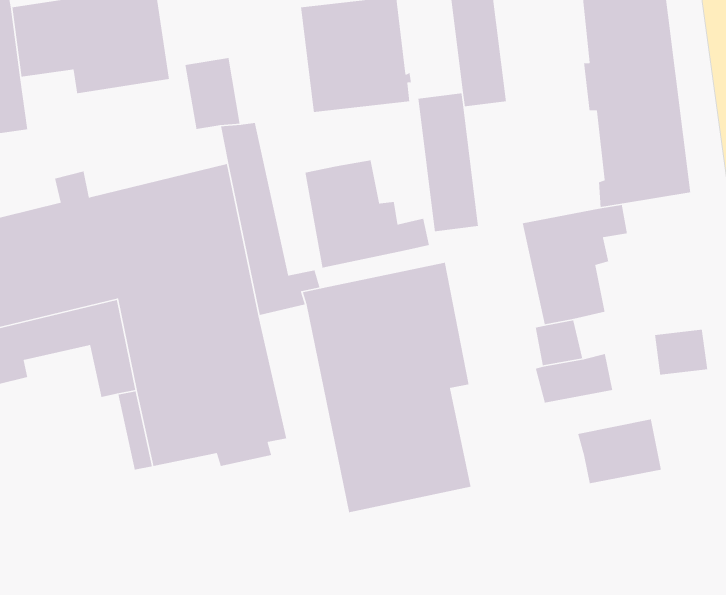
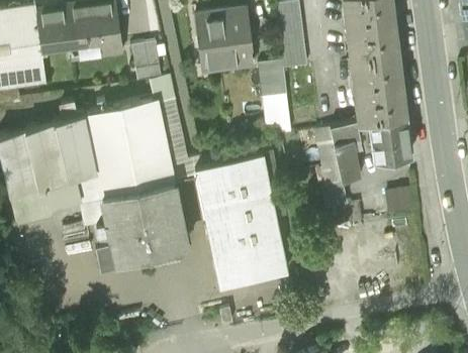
building: [305,159,430,269] -> none
building: none -> [369,116,413,162]
building: [577,419,662,484] -> none

